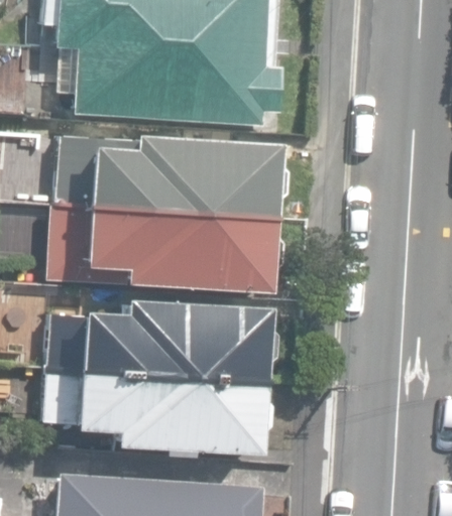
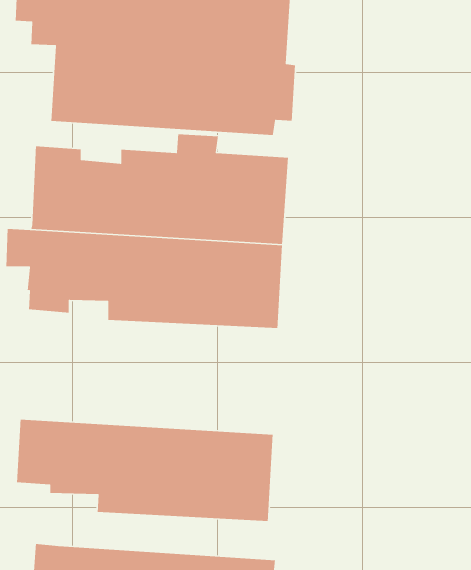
building: [48,299,267,380] -> none

